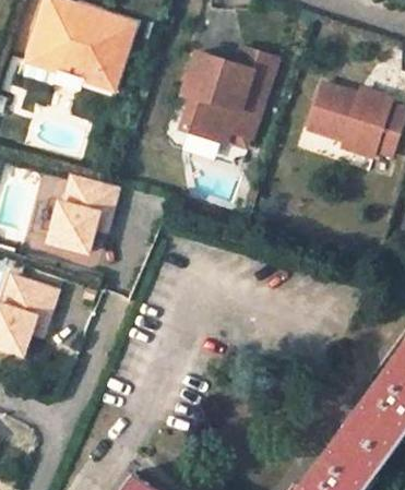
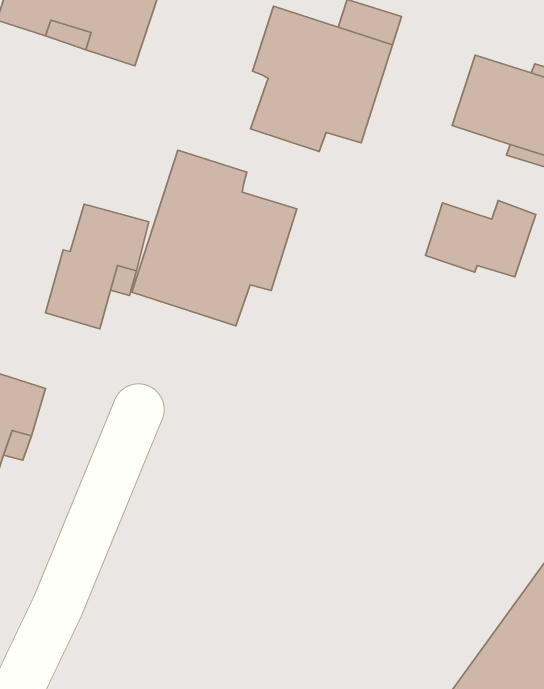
building: none -> [132,150,297,326]
building: none -> [425,201,536,277]

